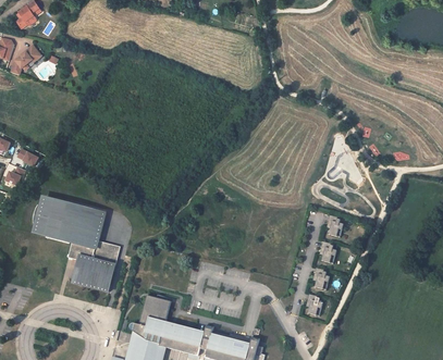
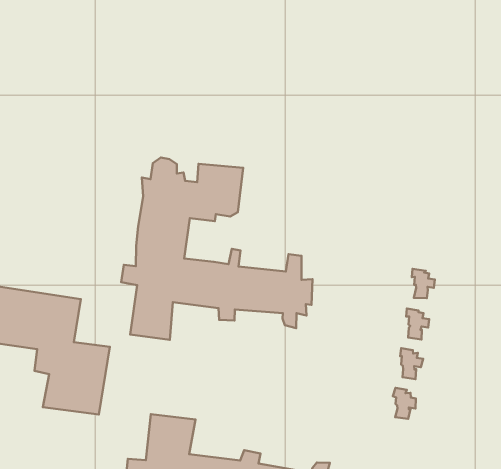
building: none -> [121,157,312,340]

